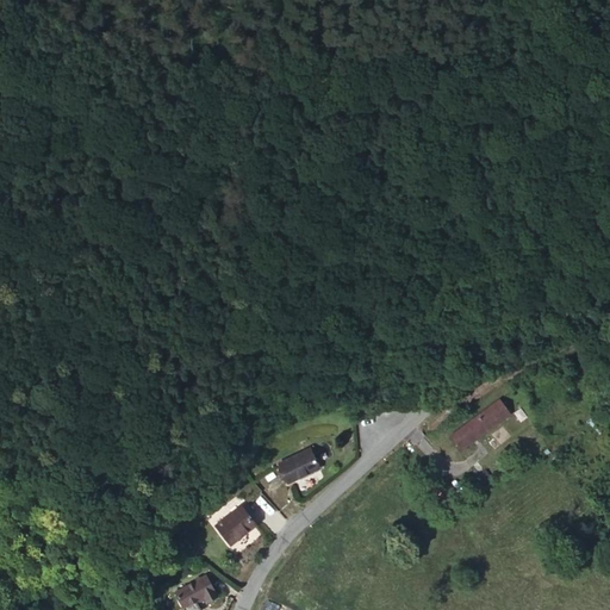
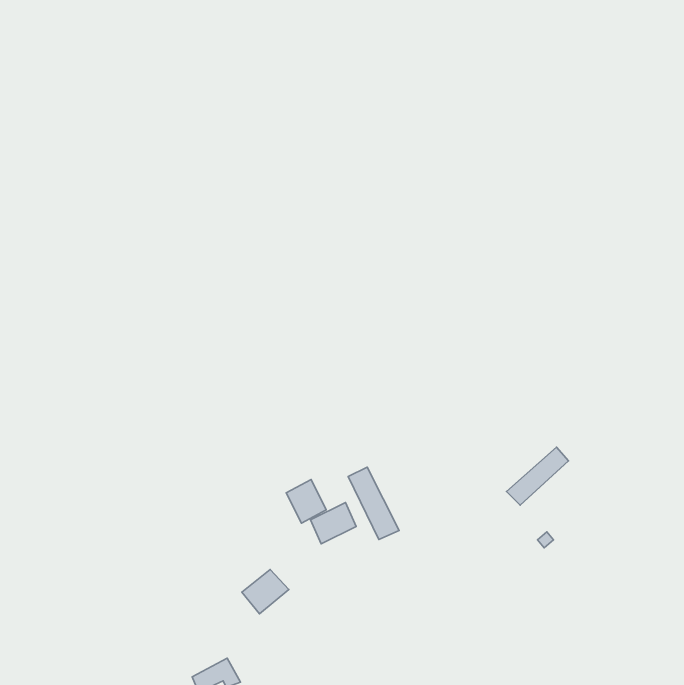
building: none -> [348,467,399,539]
building: none -> [286,479,326,523]

